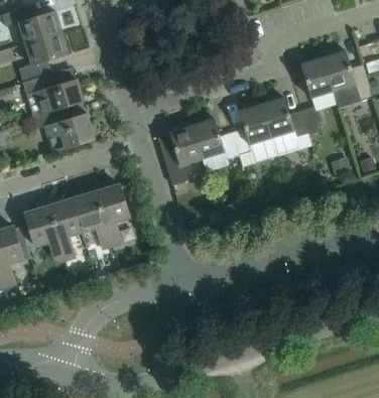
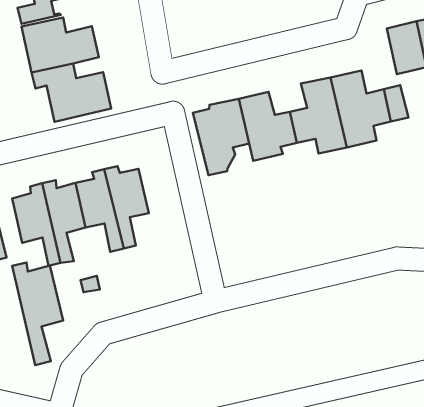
building: none -> [12,263,63,365]

